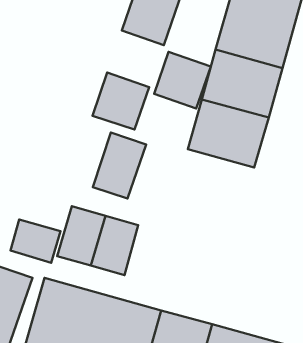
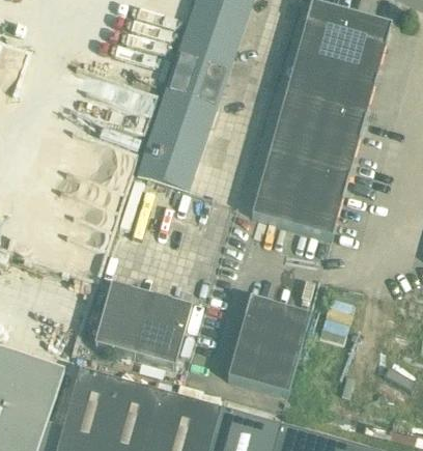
building: [154,52,211,109] -> [153,73,222,141]
building: [93,132,146,199] -> none
building: none -> [227,298,310,395]
building: [10,220,60,263] -> none

